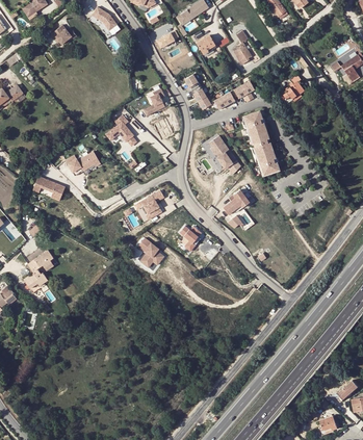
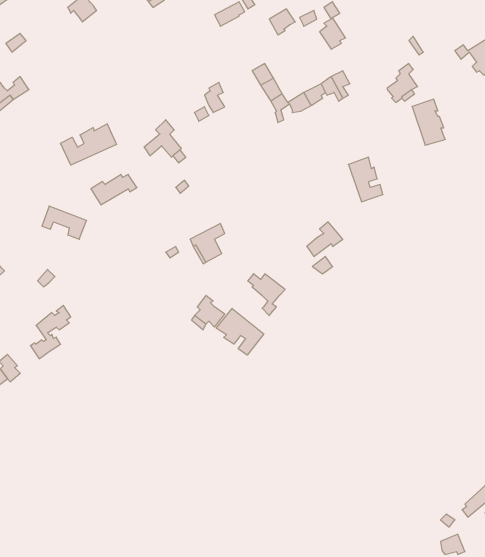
building: [243,110,267,144] -> [412,99,445,145]
building: none -> [61,124,116,165]
building: [210,135,240,174] -> none
building: none -> [216,308,264,355]

